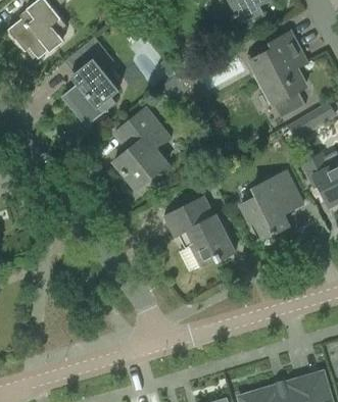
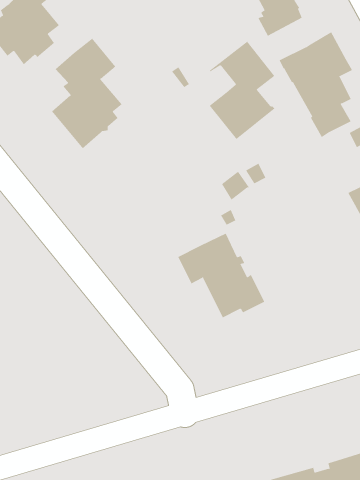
building: [113,108,167,189] -> [209,41,275,140]
building: [240,171,302,238] -> none

